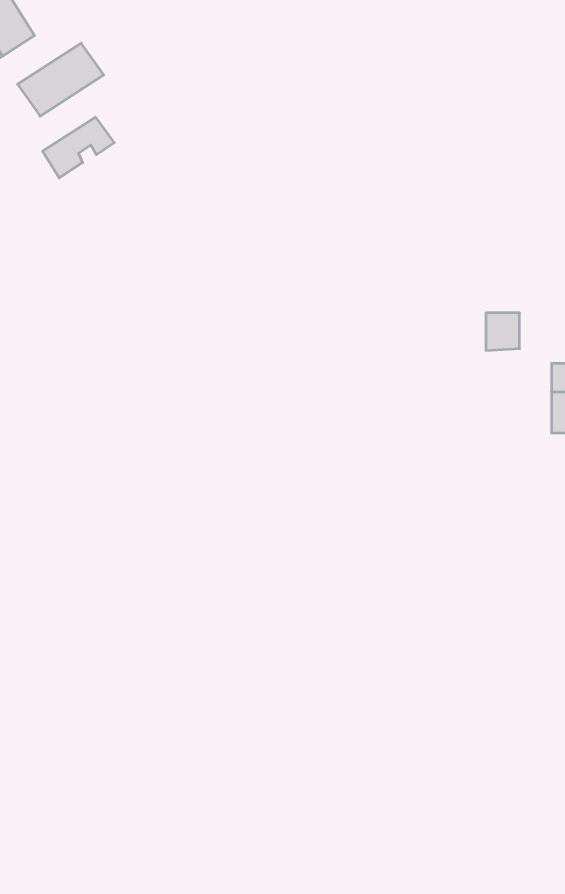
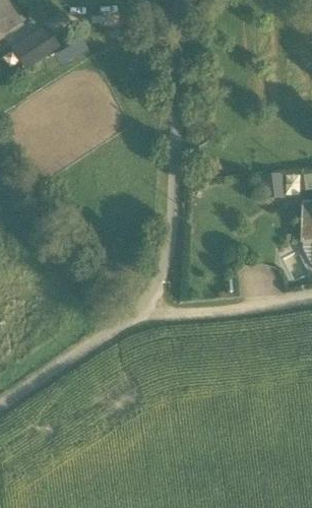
building: [43,117,114,178] -> none

